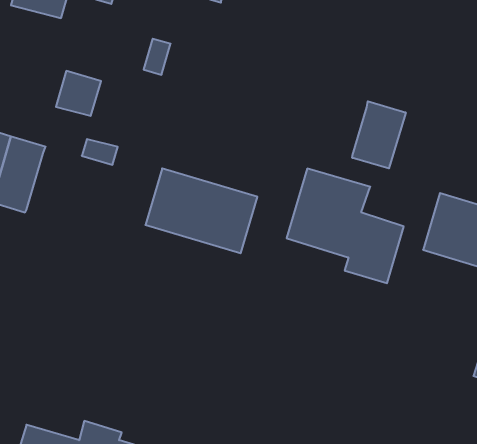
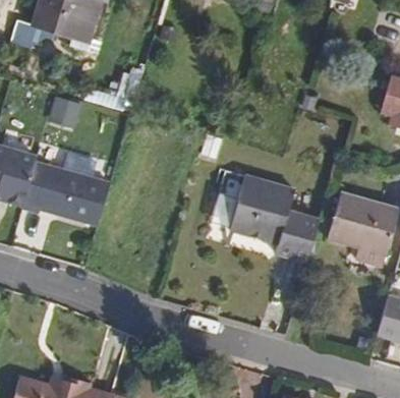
building: [352,101,406,168] -> none
building: [145,168,257,253] -> [21,161,110,228]

